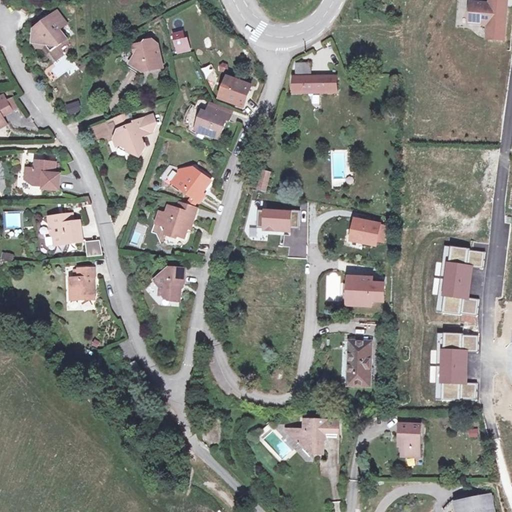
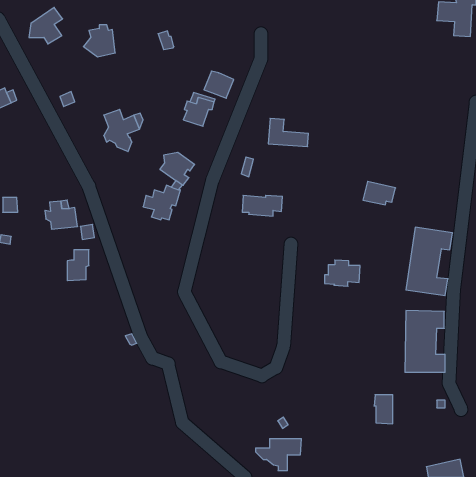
building: [129,41,163,75] -> [83,25,115,57]
building: [293,61,336,91] -> [268,118,308,147]
building: [24,160,58,190] -> none
building: [353,220,388,245] -> [363,181,396,205]
building: [148,263,180,298] -> none
building: [347,341,370,385] -> none
building: [290,419,339,453] -> [256,439,301,471]

